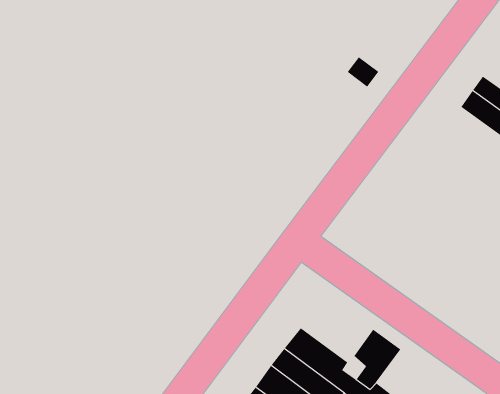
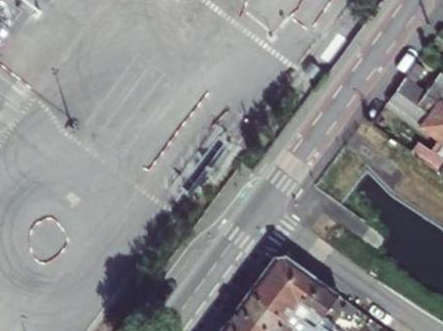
building: none -> [261,255,318,319]

